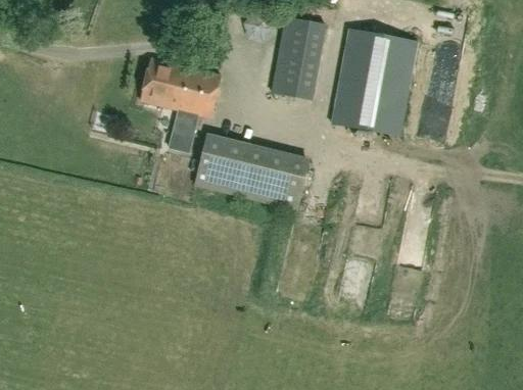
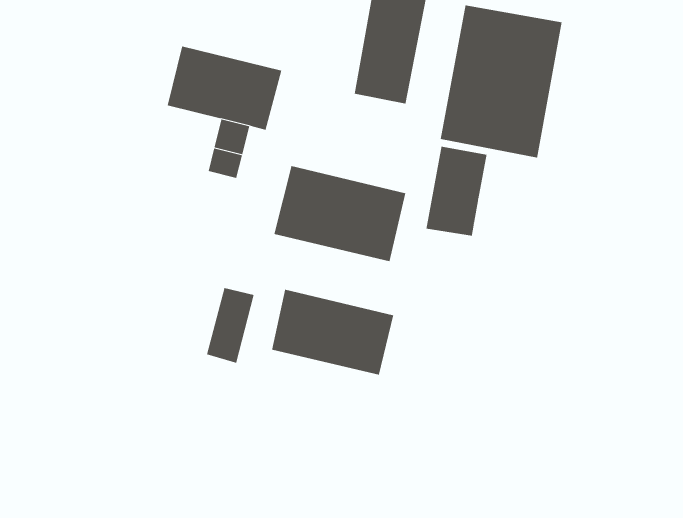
building: none -> [426,146,487,236]
building: [194,135,228,188] -> [206,287,254,363]
building: none -> [271,289,394,375]

